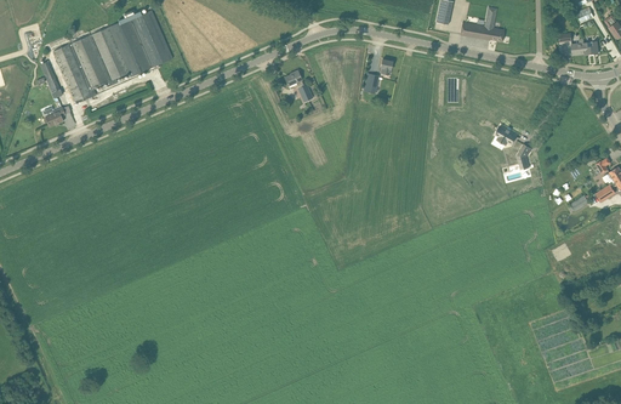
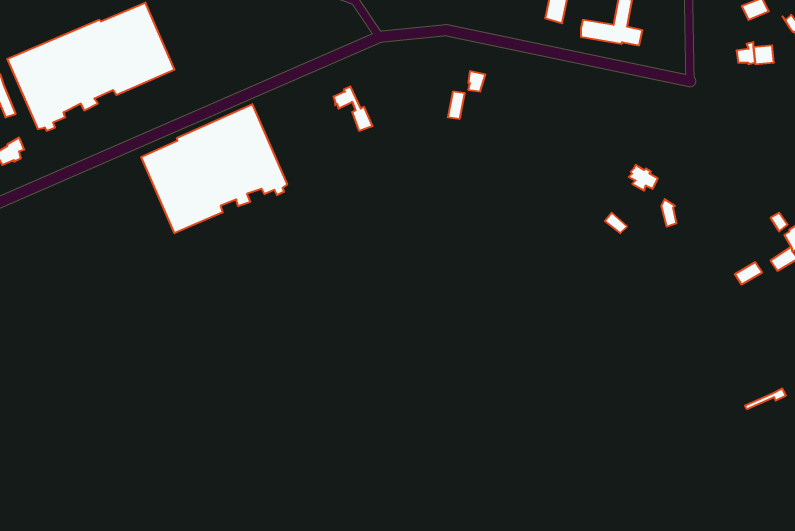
building: none -> [141,104,287,233]

